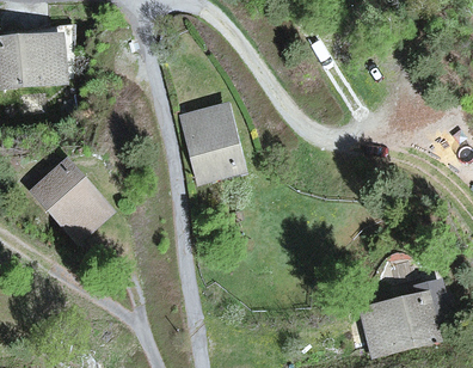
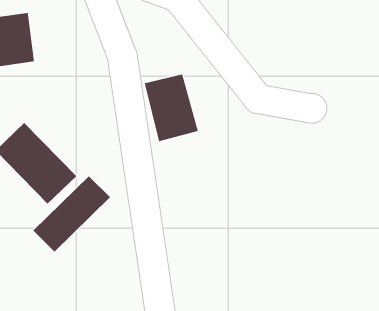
building: none -> [32,175,111,252]
building: [355,284,438,357] -> none

